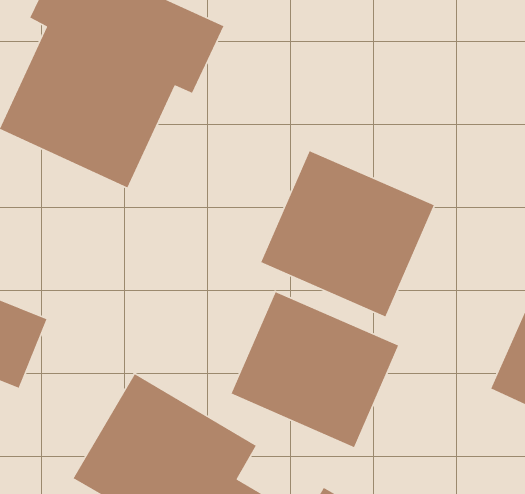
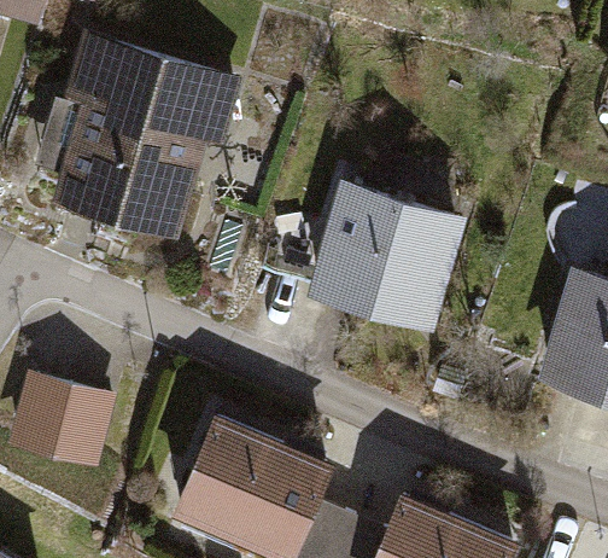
building: [230,291,399,448] -> none

